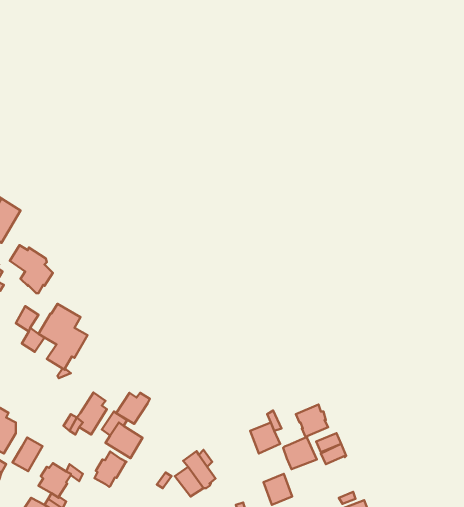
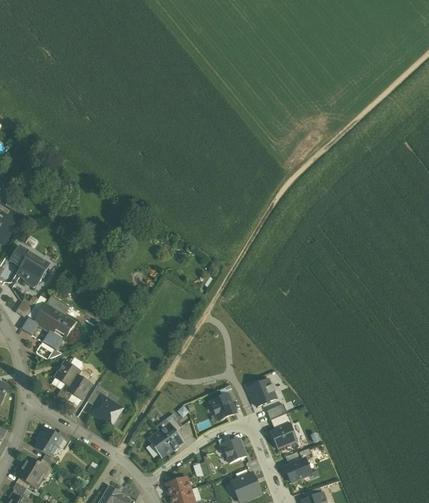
building: [116,393,150,424] -> [54,360,82,386]
building: [283,437,317,469] -> [270,422,298,449]
building: [13,438,43,471] -> none
building: [94,452,126,487] -> none

